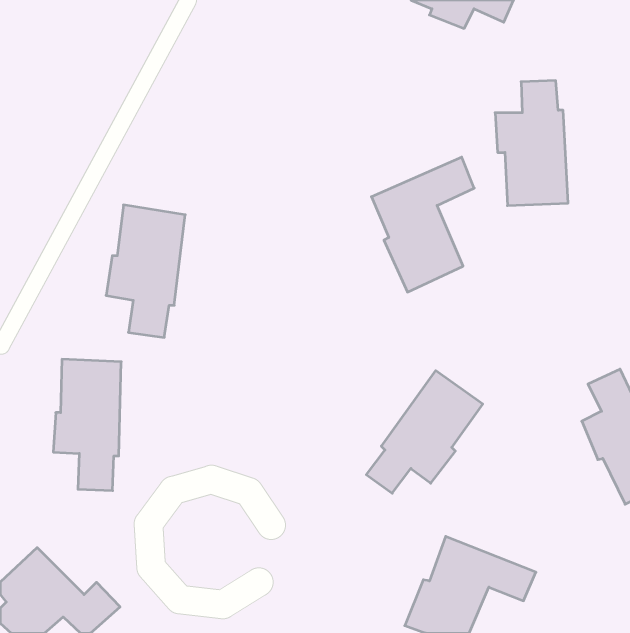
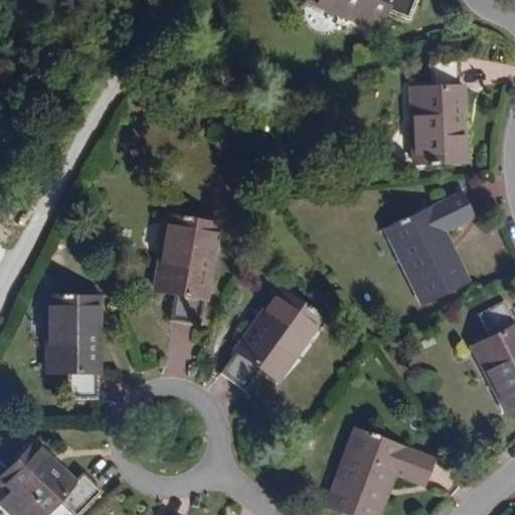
building: [371,157,474,292] -> [389,191,473,301]
building: [106,205,185,337] -> [153,221,217,329]
building: [366,371,483,493] -> [228,288,323,387]

